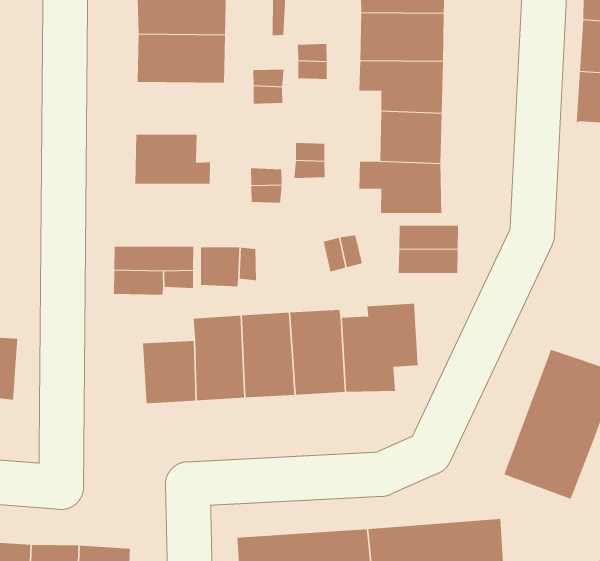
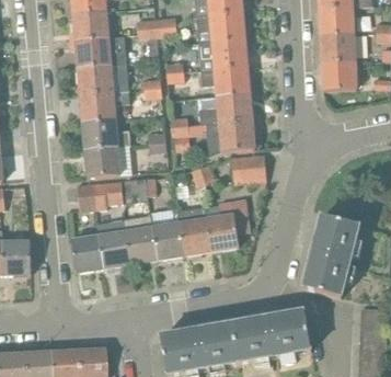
building: none -> [81,89,130,122]
building: none -> [85,145,133,176]
building: none -> [71,236,104,273]

